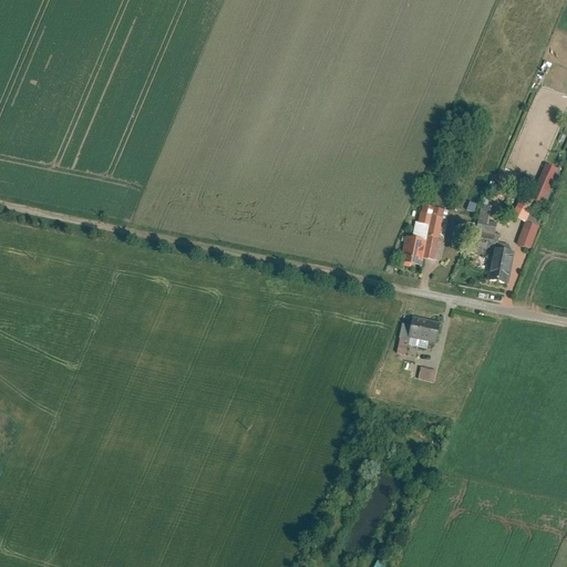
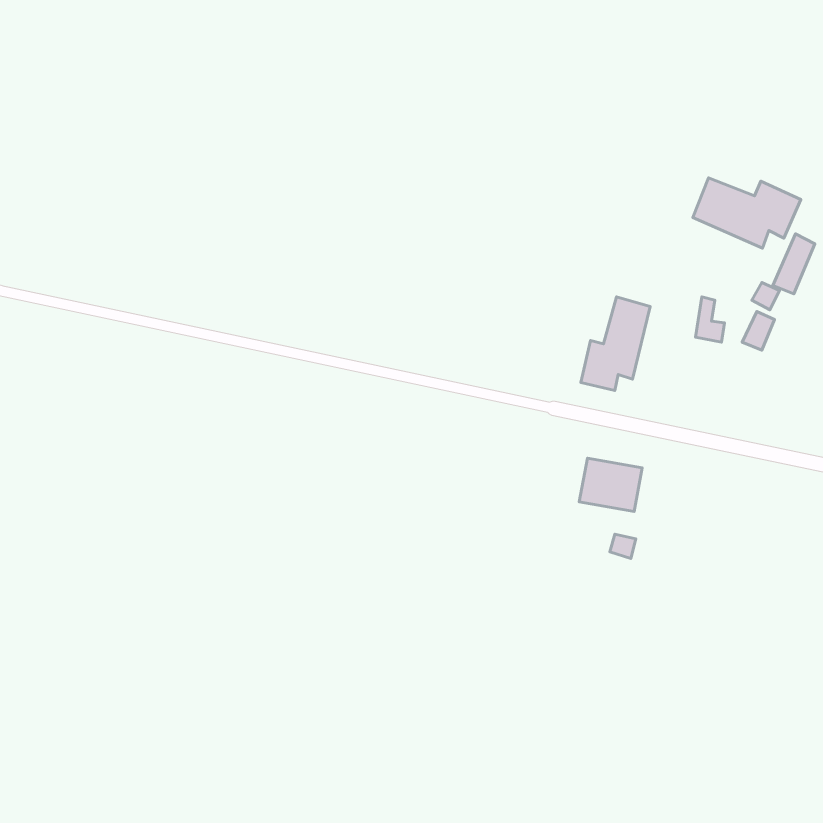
building: none -> [693,178,801,248]
building: [491,248,512,282] -> none

